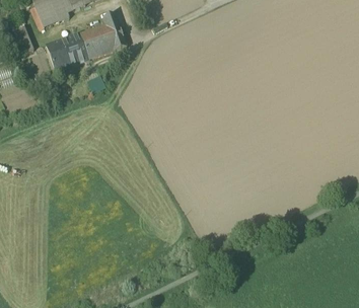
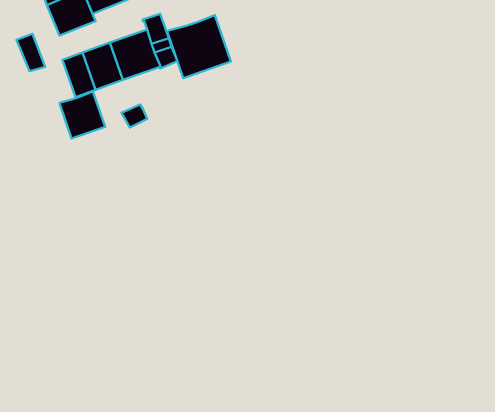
building: none -> [167,15,231,78]
building: none -> [59,92,105,139]

